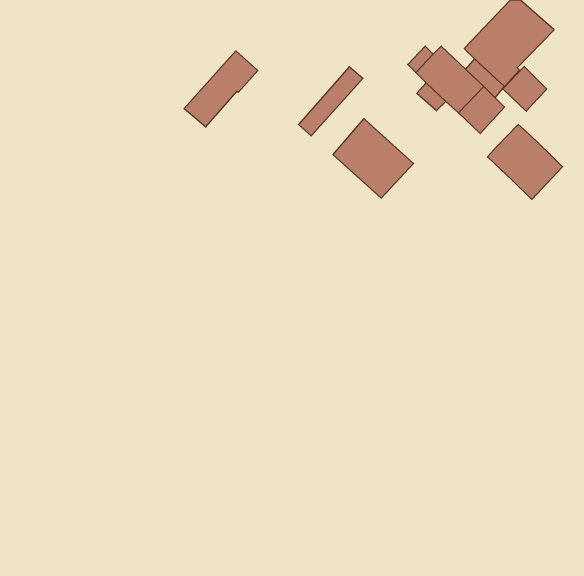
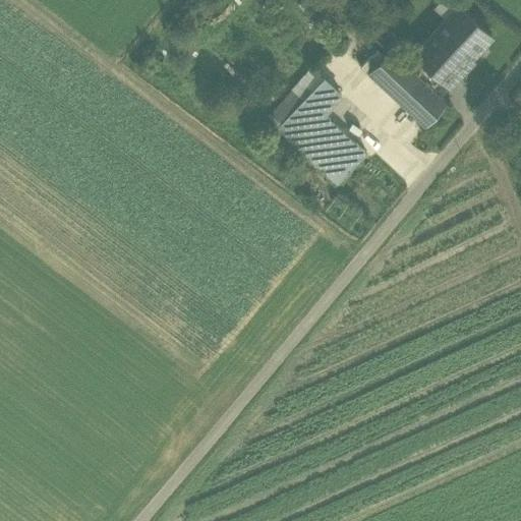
building: [184,51,258,127] -> [279,80,344,148]
building: [503,66,547,111] -> none
building: [487,124,563,199] -> none

